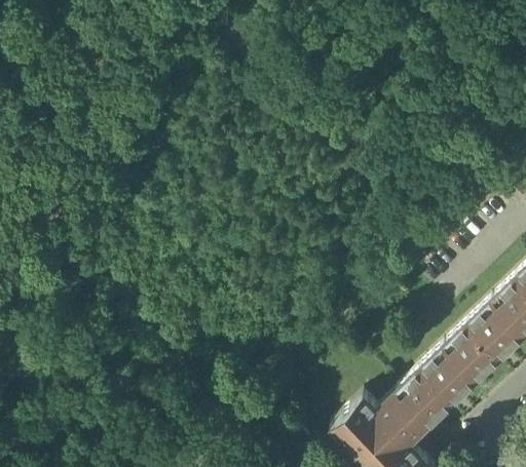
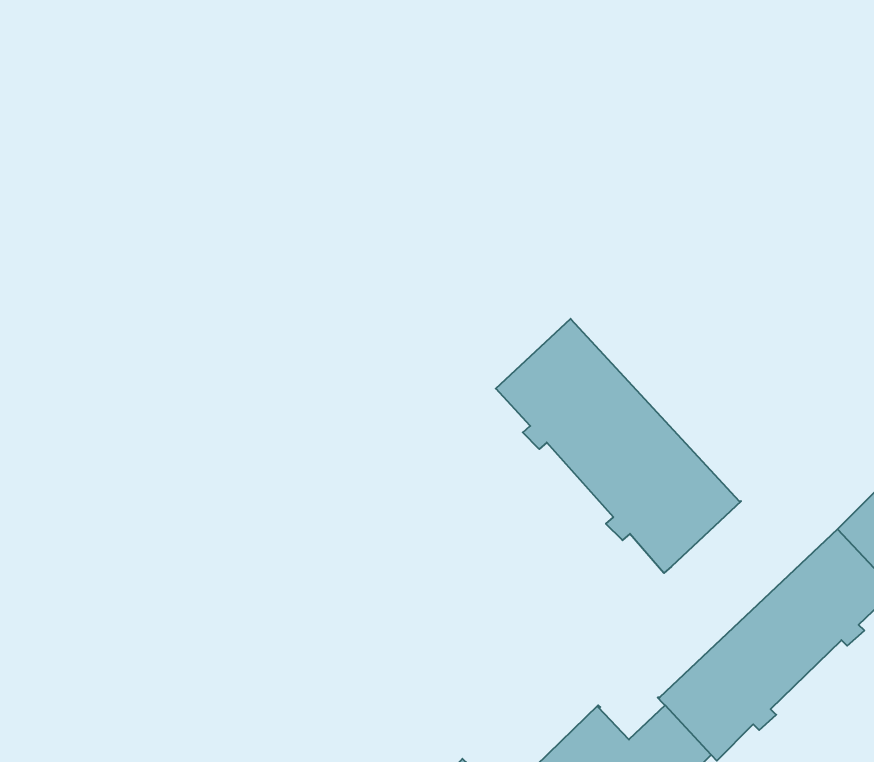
building: none -> [496,319,741,573]

